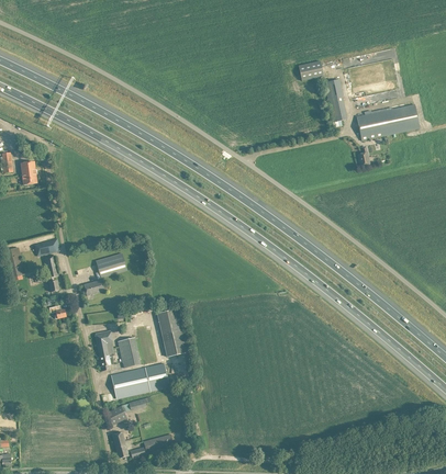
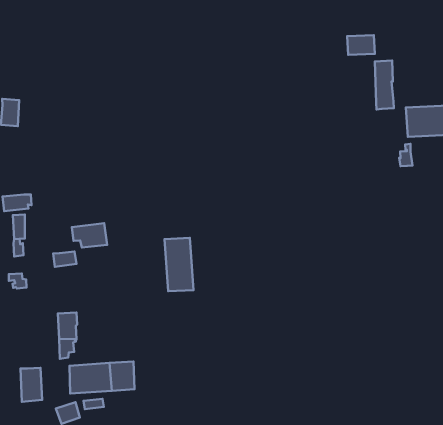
building: [157,308,188,356] -> [165,238,193,291]
building: [118,337,140,368] -> [21,368,42,402]

